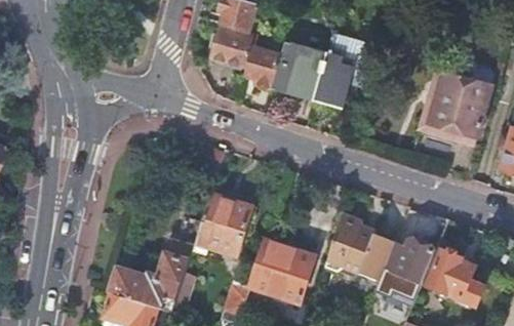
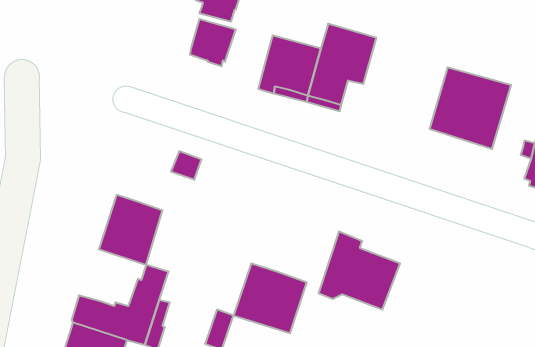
building: [245,48,281,89] -> none
building: [196,195,251,255] -> [99,195,163,265]
building: [375,239,436,305] -> none
building: [428,249,485,305] -> none

